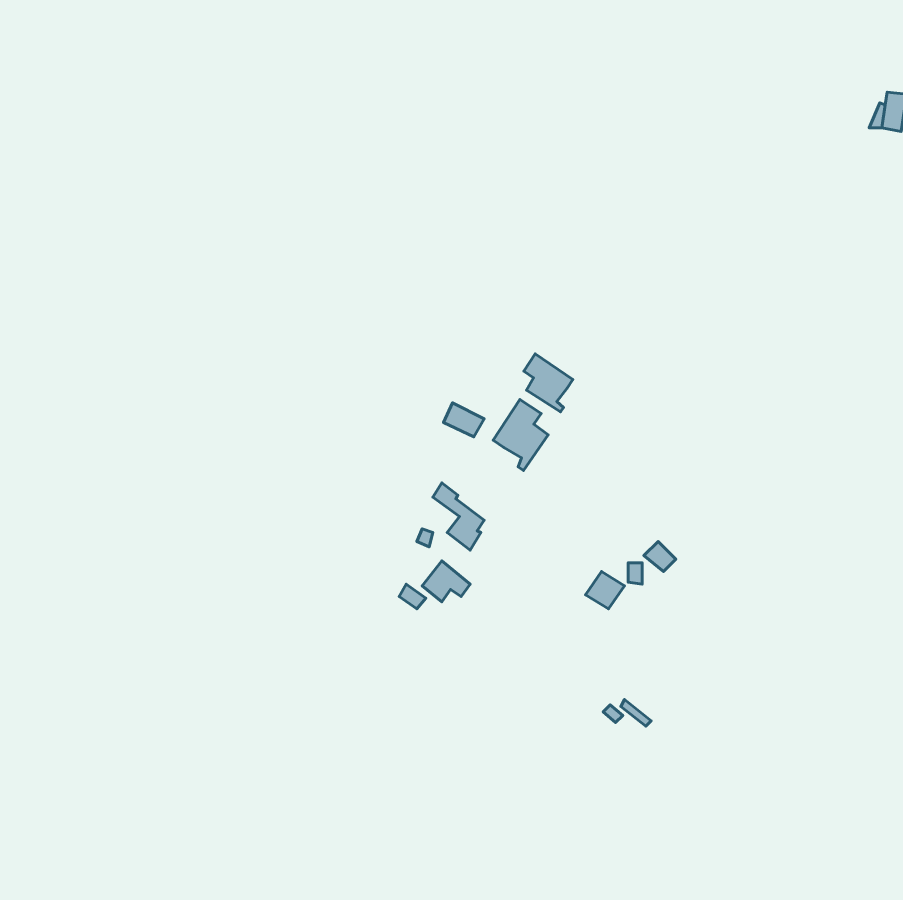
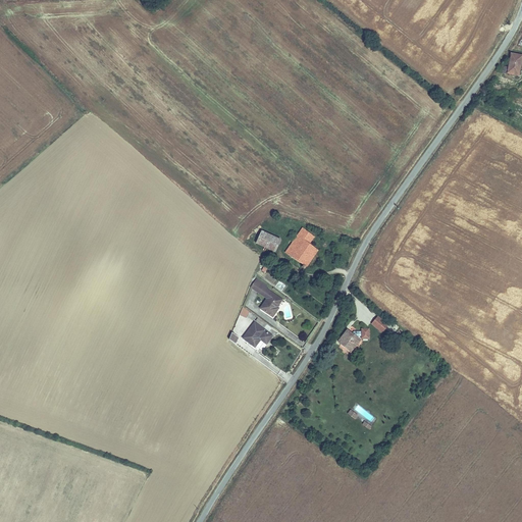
building: [524,354,573,412] -> none

